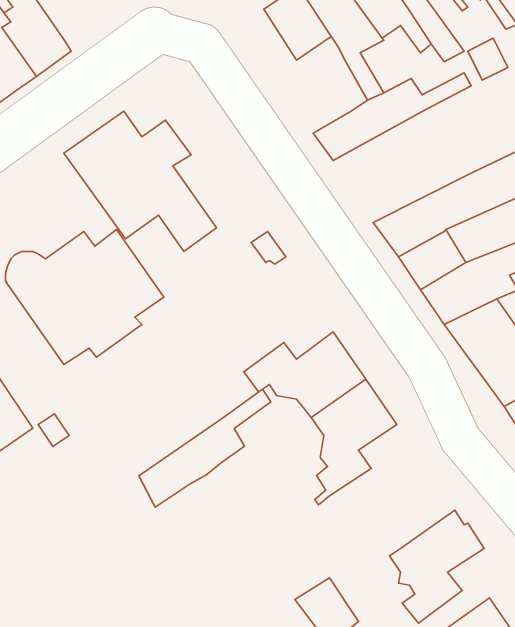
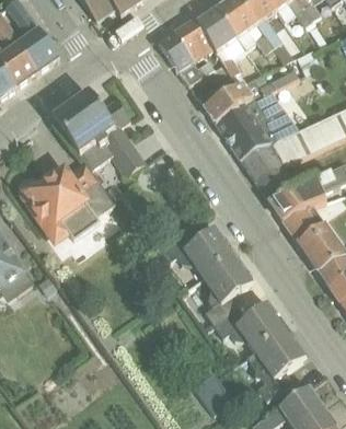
building: none -> [159,32,237,106]
building: none -> [216,92,299,160]
building: [139,389,271,507] -> none
building: none -> [214,301,289,356]

